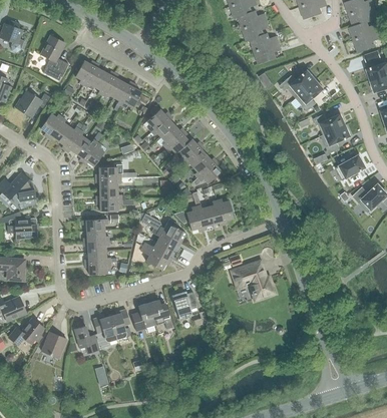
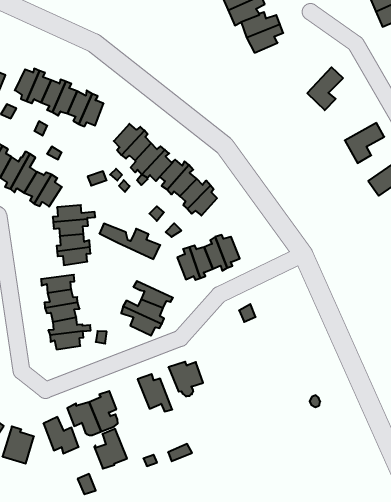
building: [279,70,315,97] -> none
building: [313,113,345,135] -> none
building: [140,213,185,243] -> [99,224,160,259]
building: [232,263,273,298] -> none
building: [130,302,154,331] -> [94,429,127,469]

